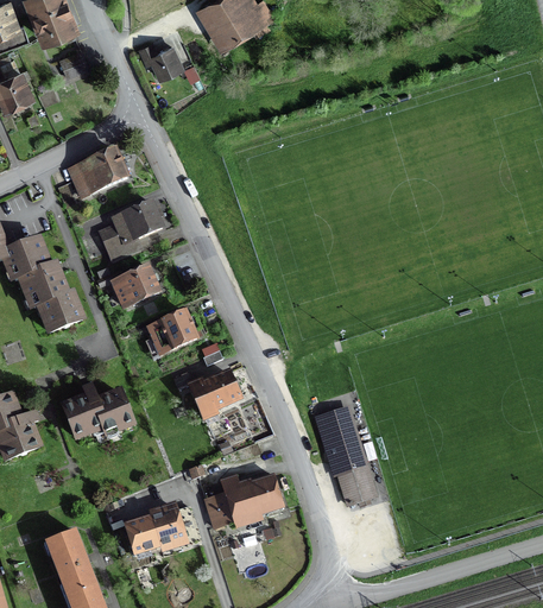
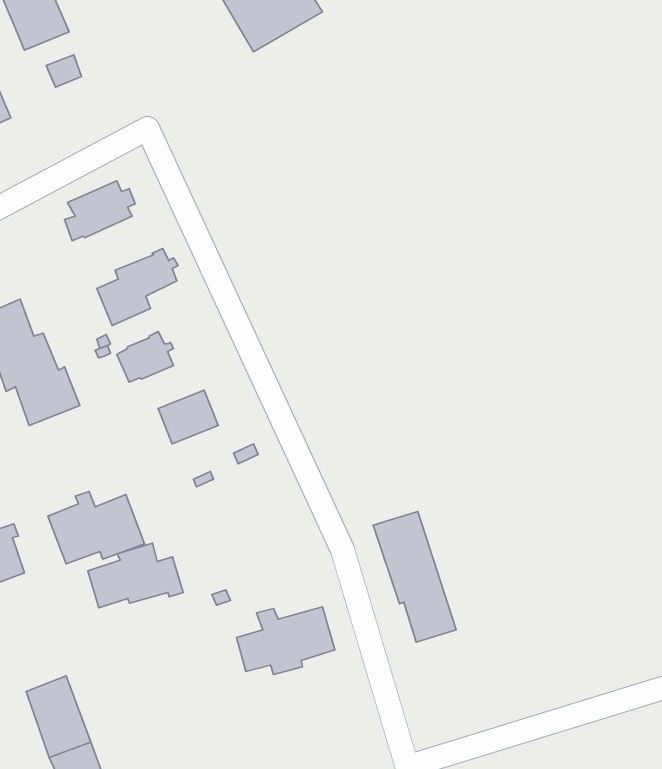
building: [138,43,183,77] -> none
building: [189,373,240,422] -> none
building: [125,506,198,556] -> [88,543,183,608]

